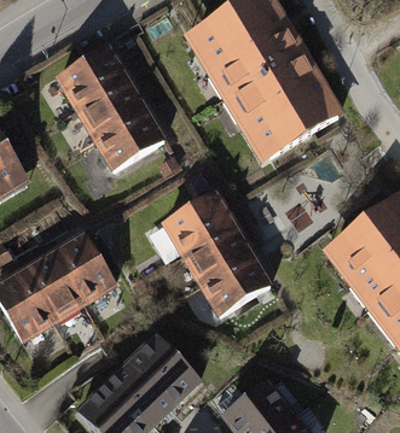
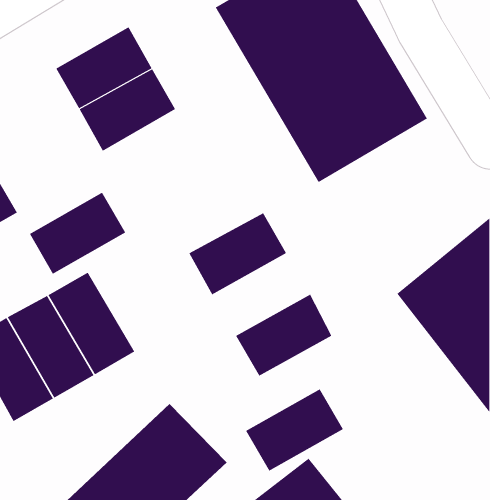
building: [97,106,172,170] -> [29,192,126,275]
building: [181,217,257,281] -> [245,389,344,471]

